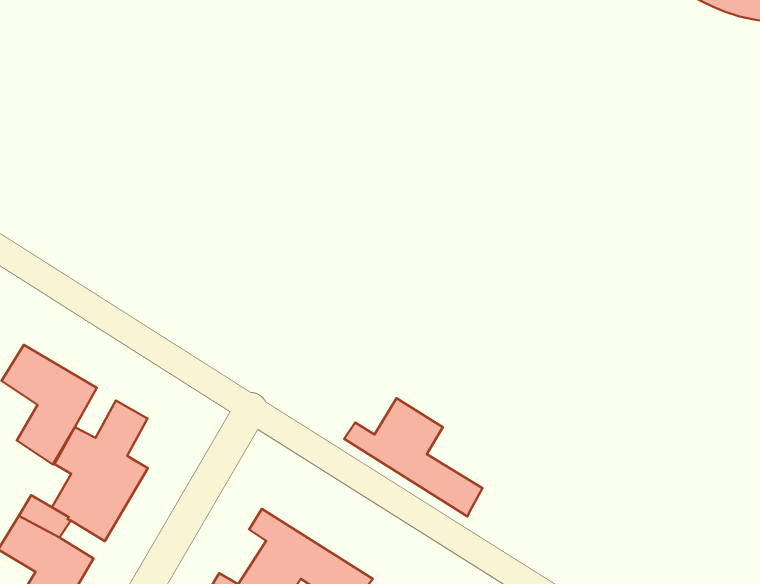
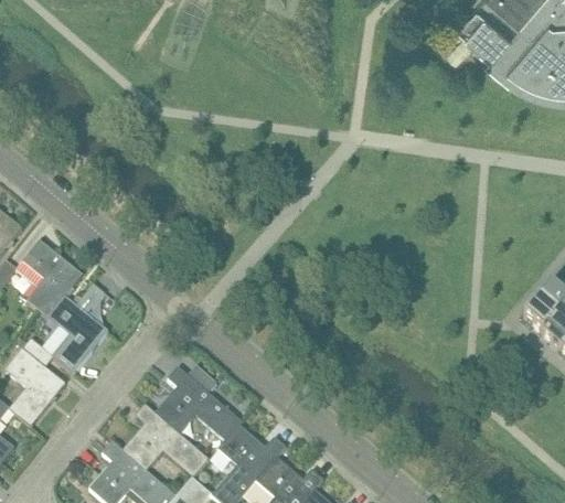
building: [344,398,483,517] -> none

